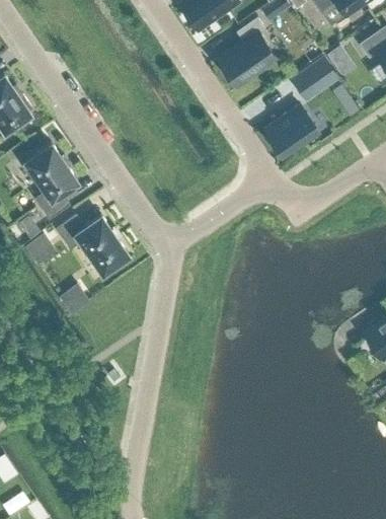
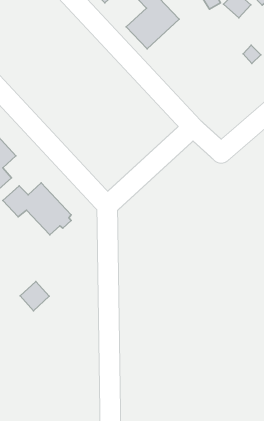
building: [292,59,337,100] -> none
building: [265,106,316,154] -> none
building: [58,284,89,315] -> [20,281,49,311]

